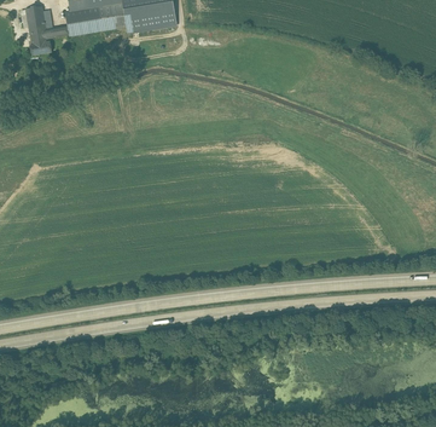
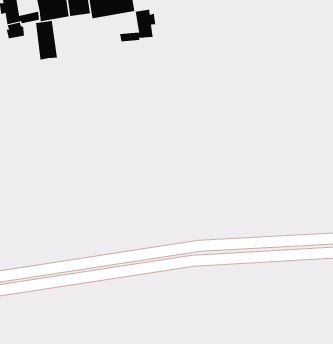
building: none -> [120,9,156,42]
building: none -> [35,20,58,61]

